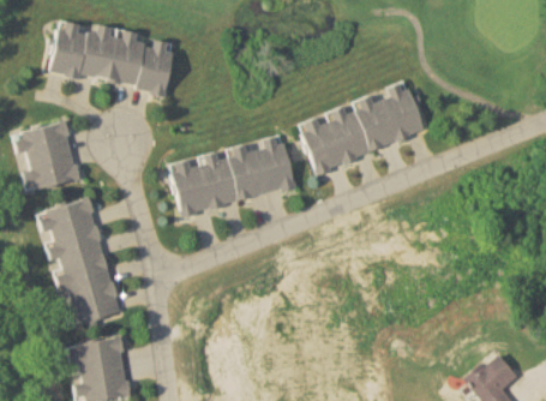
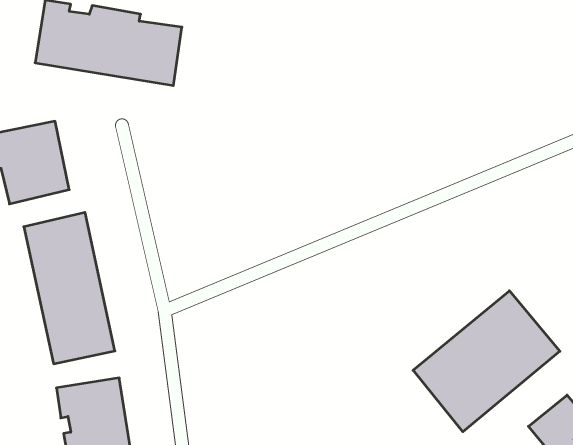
building: [299,79,427,172] -> none
building: [170,133,296,214] -> none
building: none -> [413,291,560,432]

